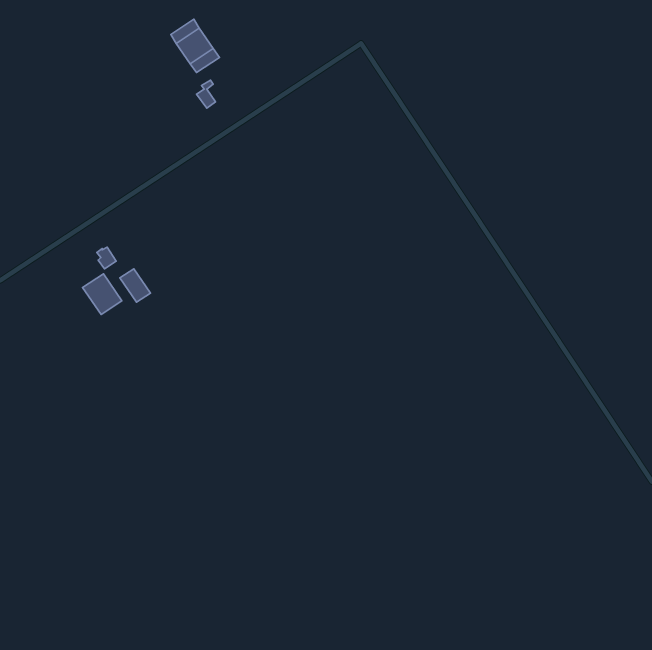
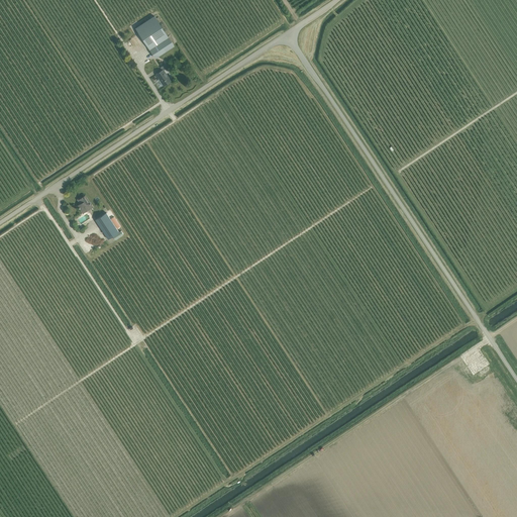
building: [82,274,122,315] -> none

